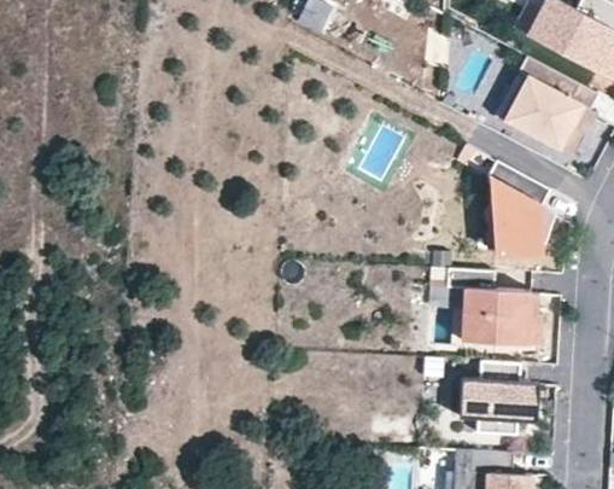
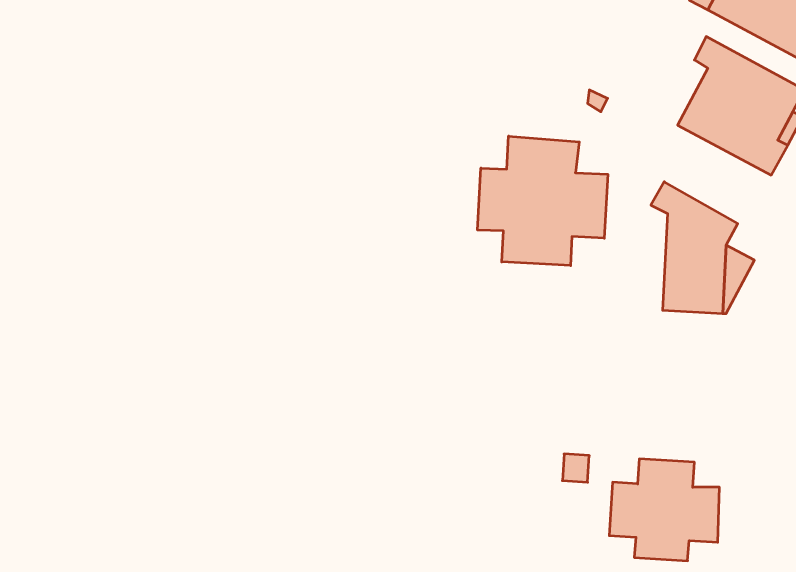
building: none -> [478,136,608,266]
building: [446,268,542,347] -> none

